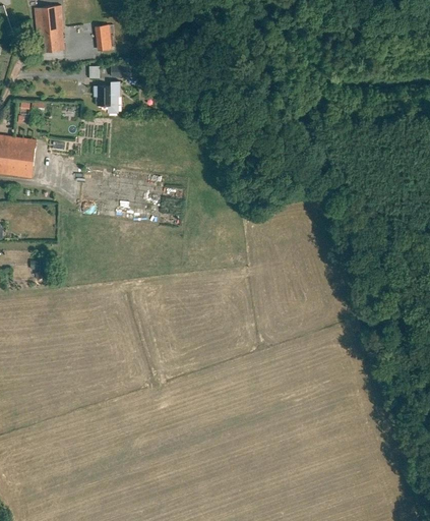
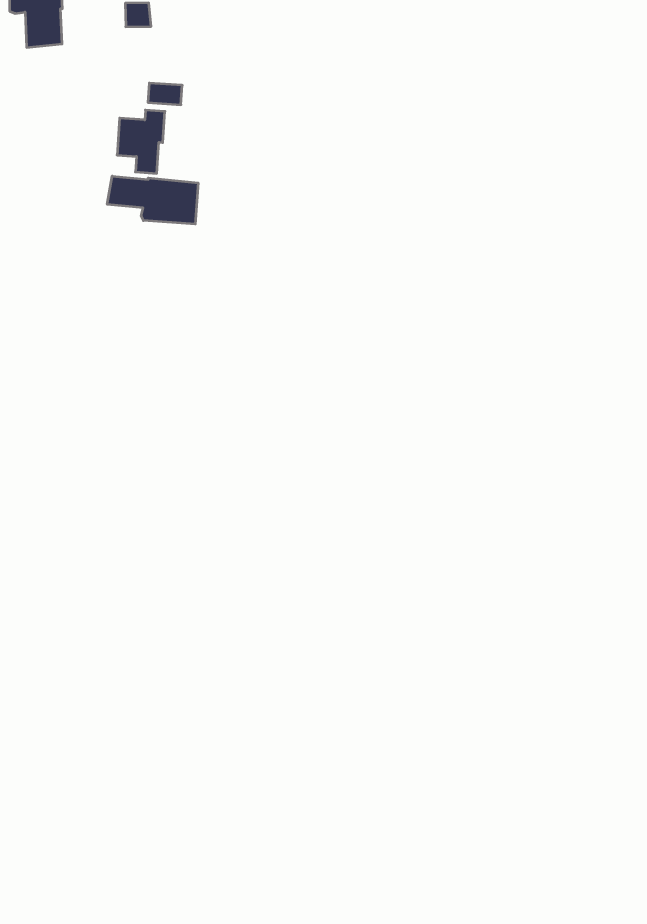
building: none -> [107,176,198,224]

